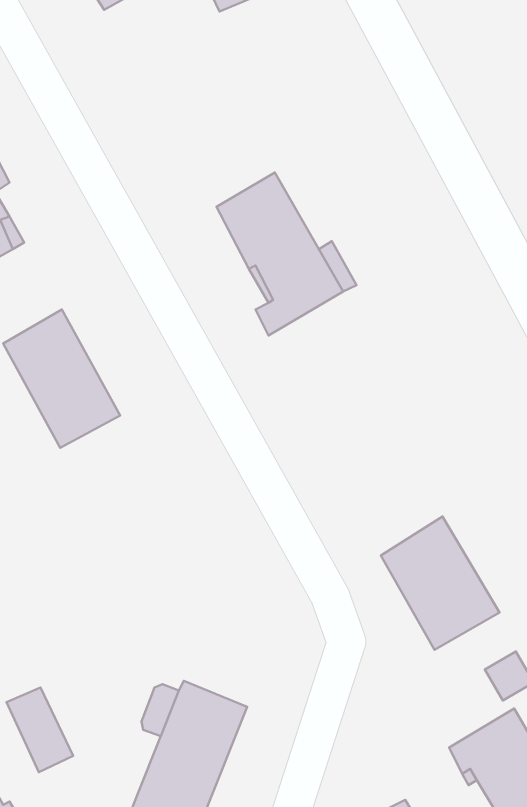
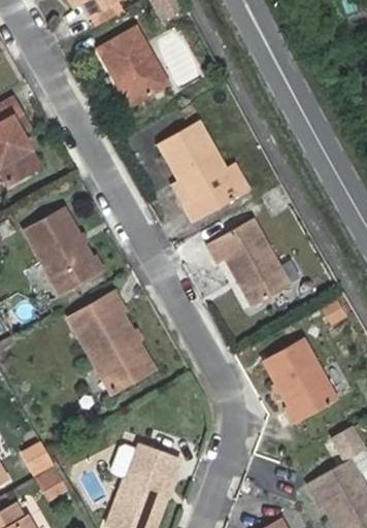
building: none -> [97,27,166,101]
building: none -> [208,220,290,307]
building: none -> [72,295,152,389]

